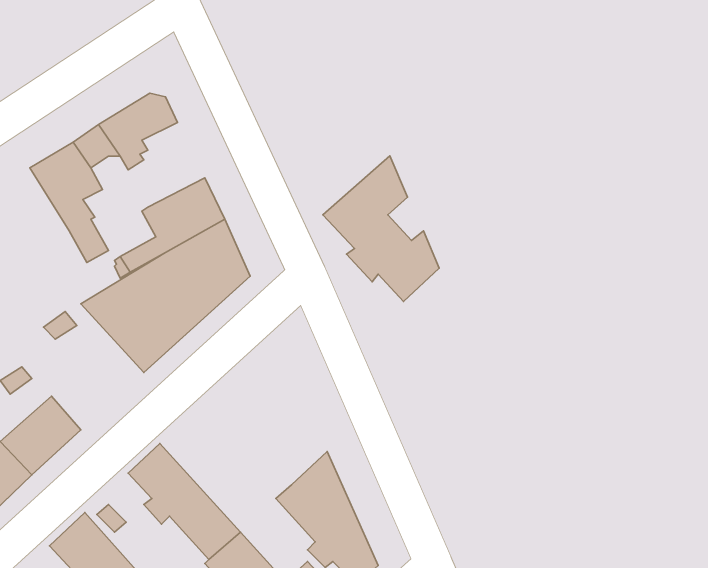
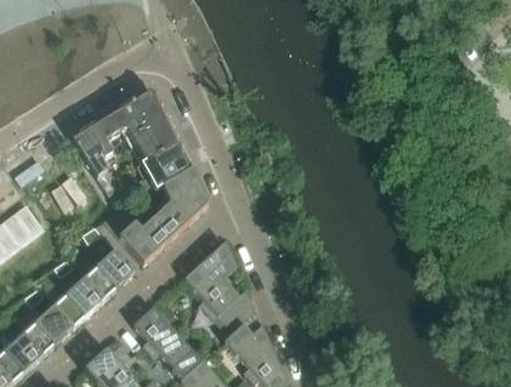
building: none -> [132,109,180,161]
building: [323,156,439,302] -> [183,243,255,332]
building: none -> [85,250,135,298]

